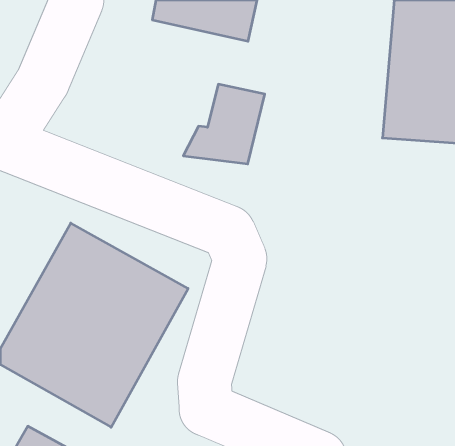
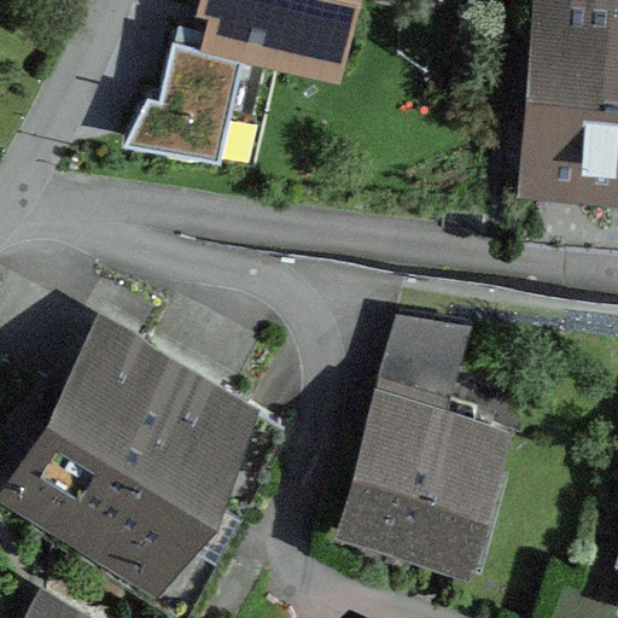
building: [183,84,265,164] -> [132,47,241,154]
building: none -> [334,319,509,575]

